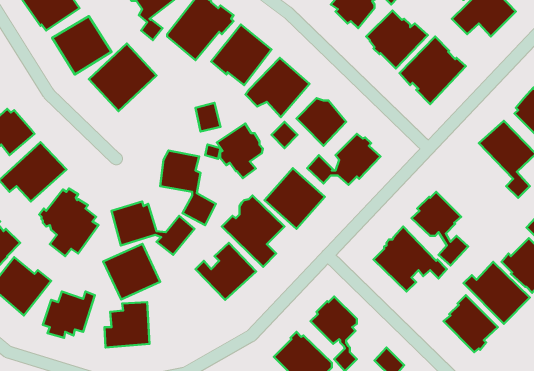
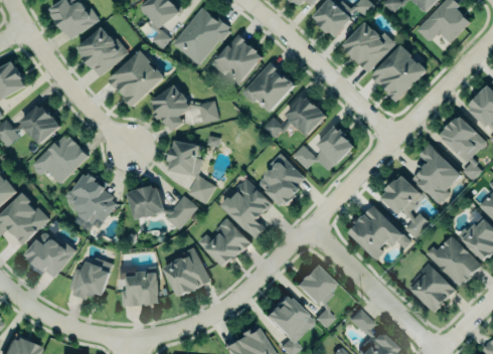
building: [217,124,263,178] -> [151,84,190,131]
building: none -> [413,143,462,203]
building: [103,244,160,300] -> [162,250,210,298]

